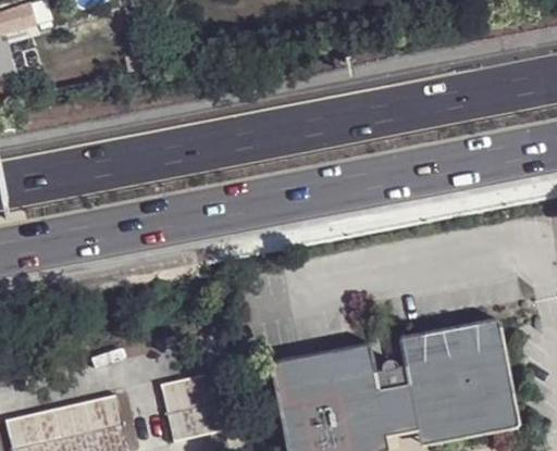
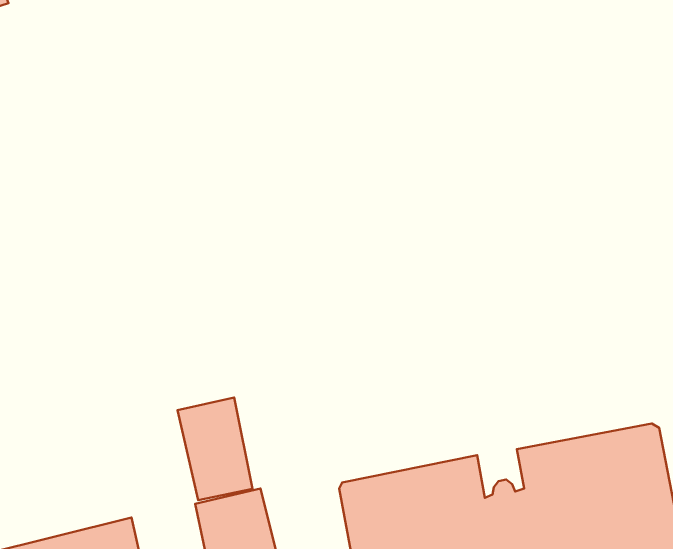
building: none -> [178,398,253,500]

